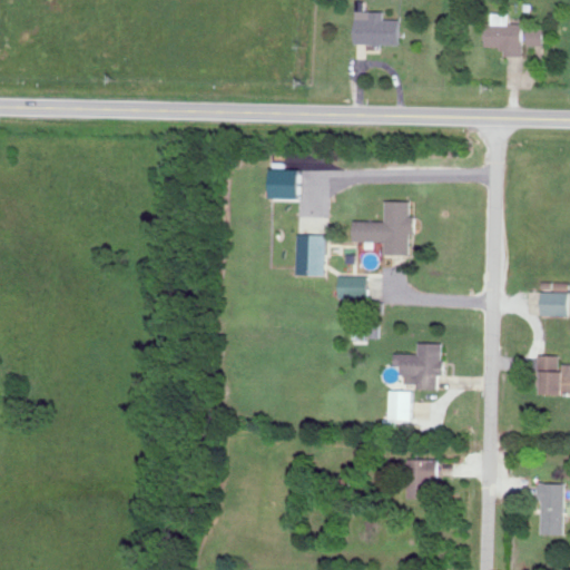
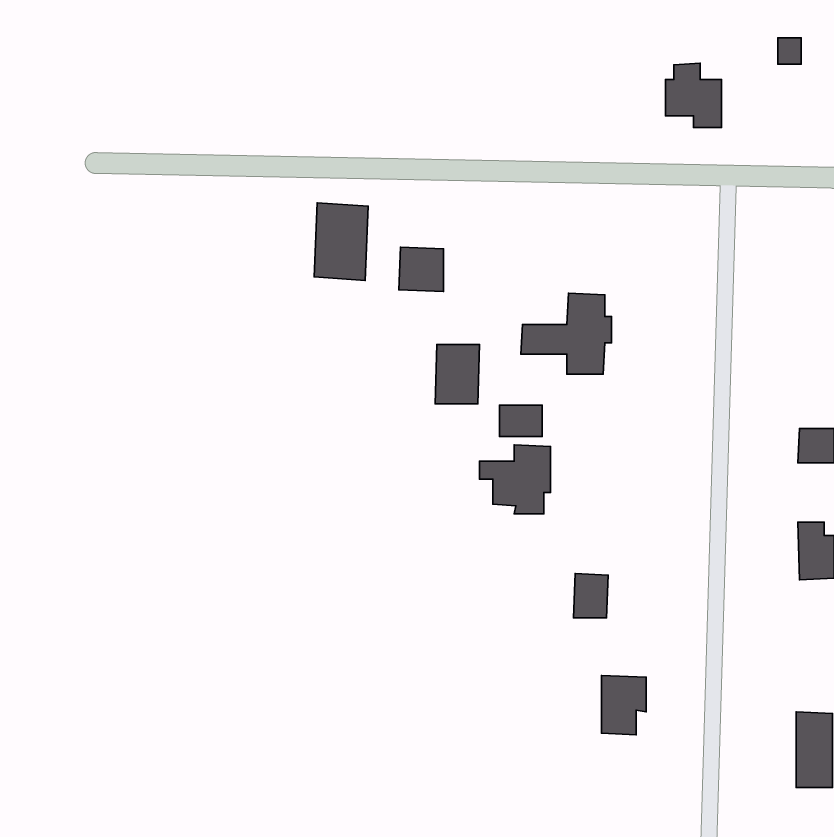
building: [353,12,399,47] -> none
building: [483,13,521,57] -> [666,63,722,127]
building: none -> [314,203,368,280]
building: [393,344,441,391] -> [480,445,550,514]

